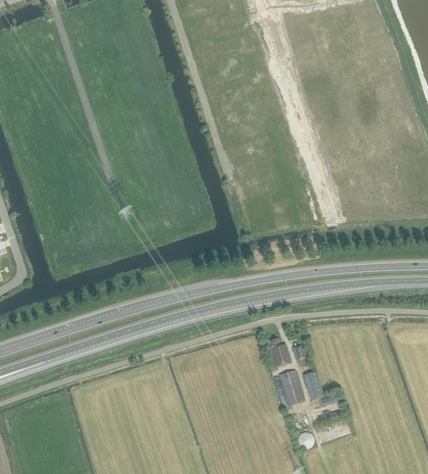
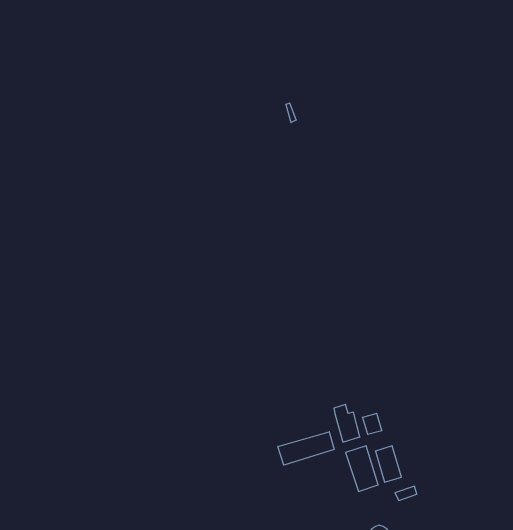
building: none -> [278,432,334,465]

